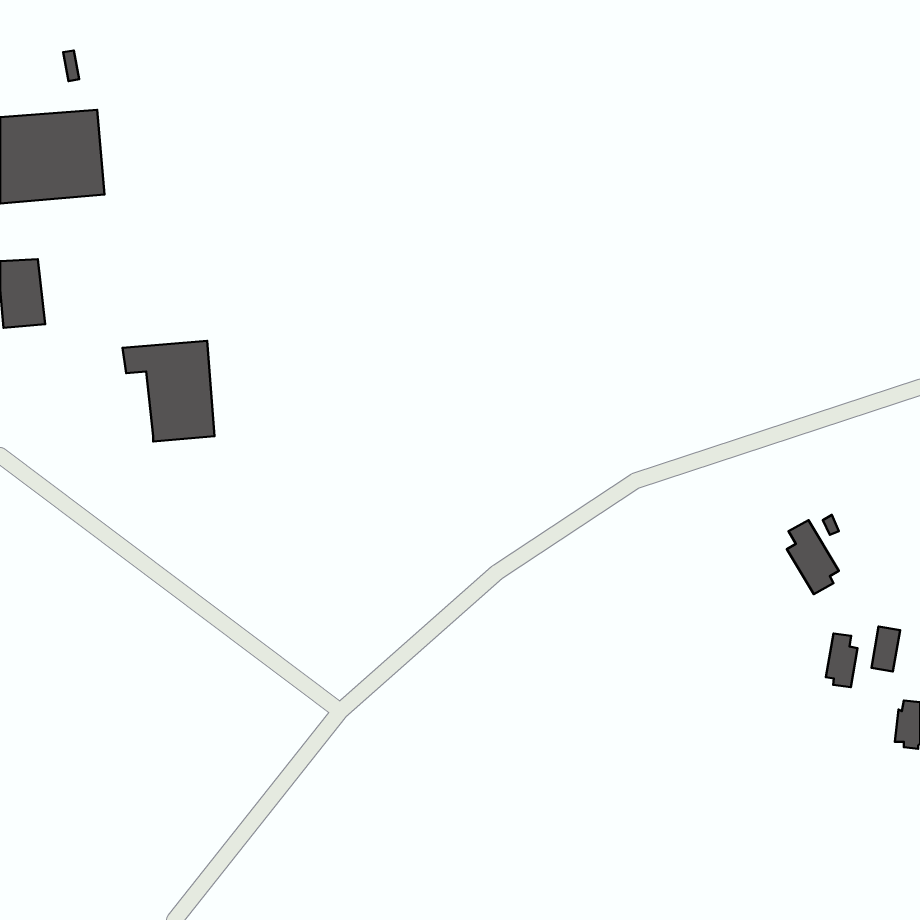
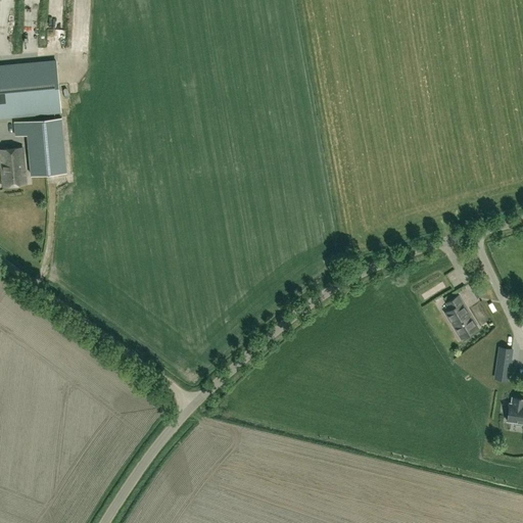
building: [123,341,214,442] -> [13,117,65,175]
building: [826,633,858,687] -> none

